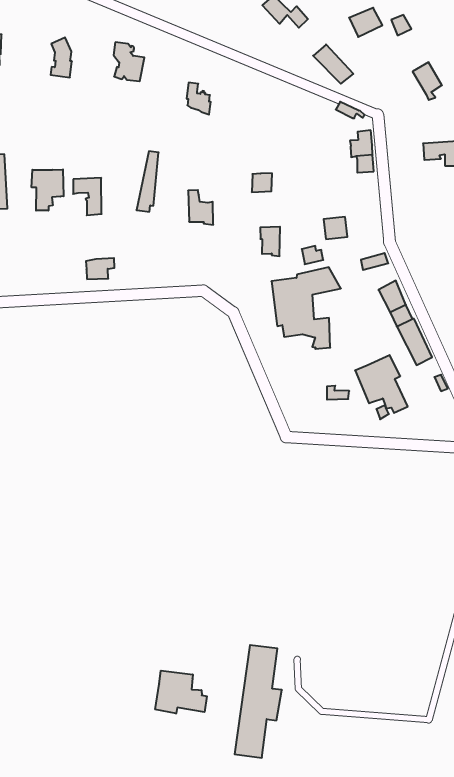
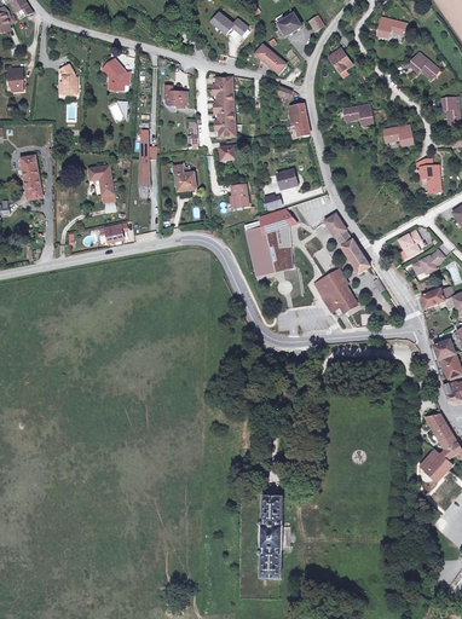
building: none -> [213,77,235,138]
building: [32,169,64,211] -> none
building: [155,671,207,714] -> none

